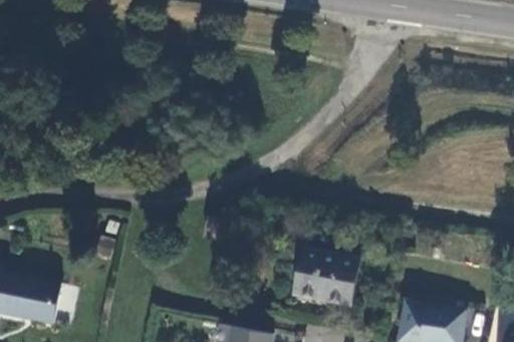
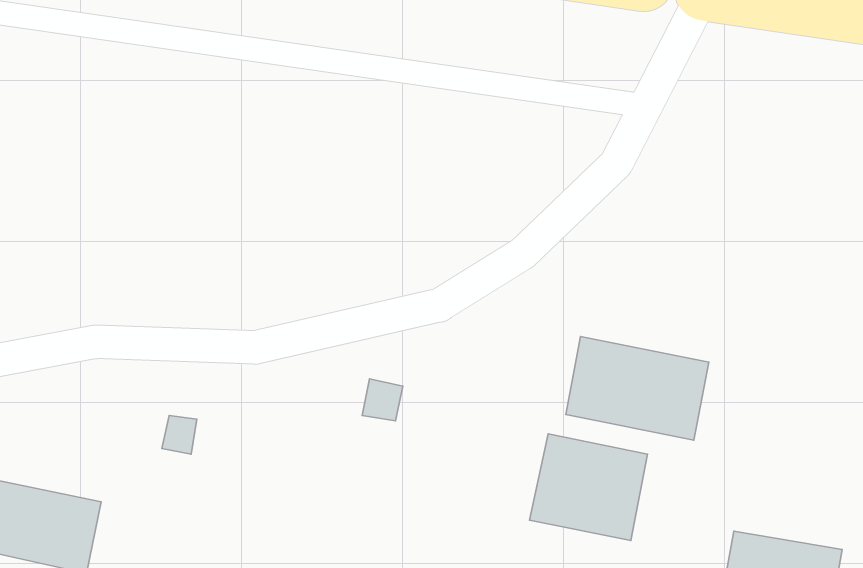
building: none -> [566,336,709,440]

